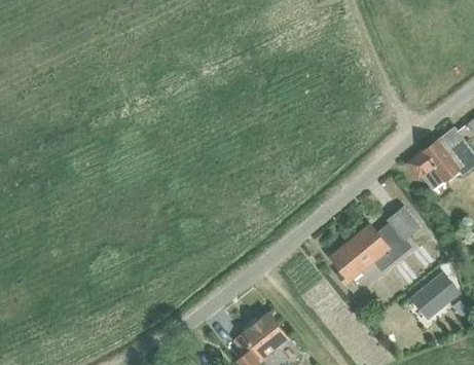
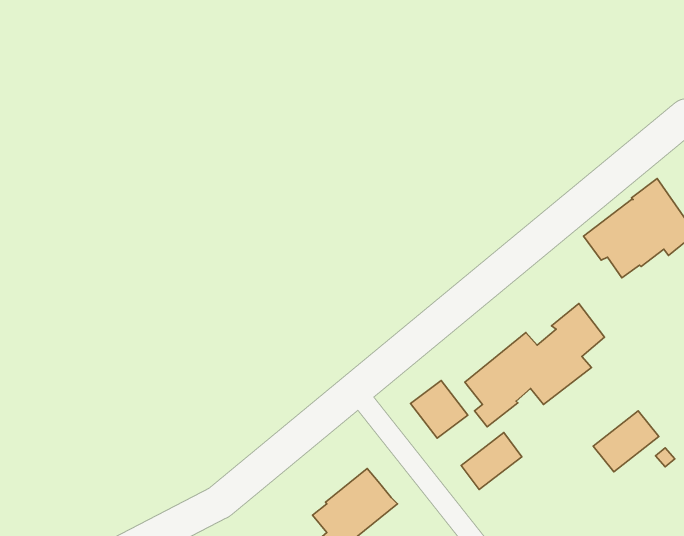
building: none -> [411,380,468,438]
building: none -> [461,433,522,490]

